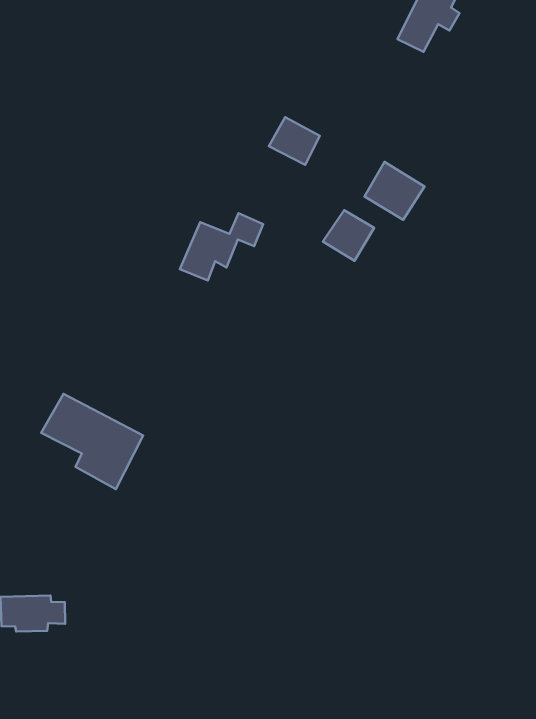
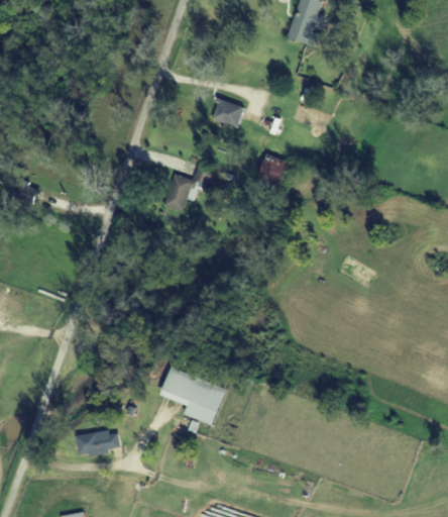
building: [365,162,424,220] -> none
building: [41,394,143,489] -> [158,368,225,425]

